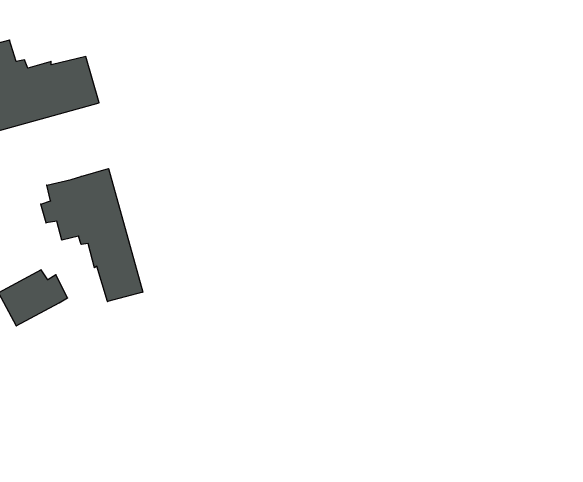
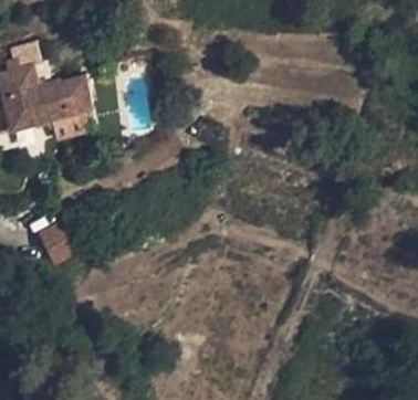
building: [41,169,143,302] -> none

